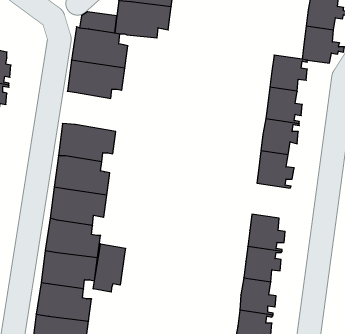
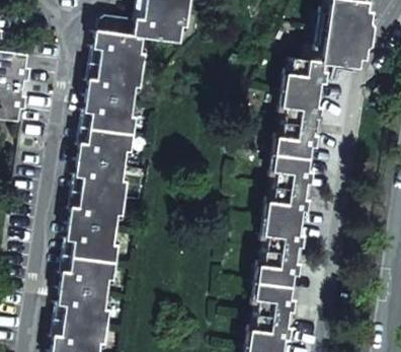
building: none -> [81,95,138,136]
building: none -> [271,188,310,223]
building: [93,244,125,292] -> none

